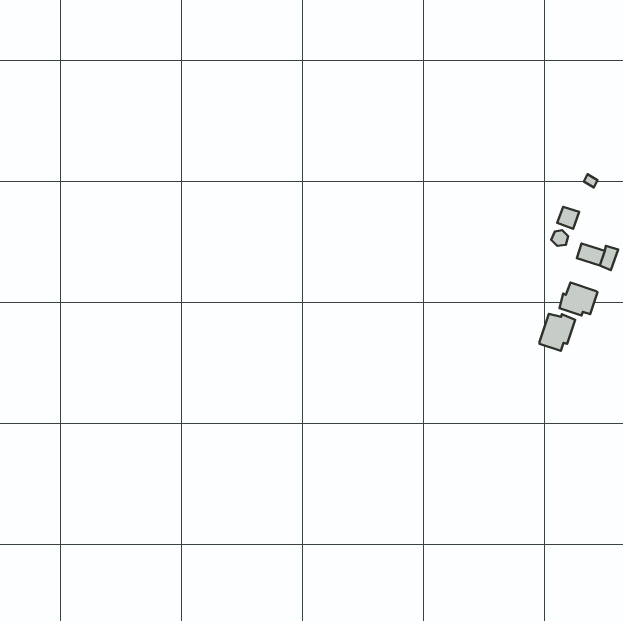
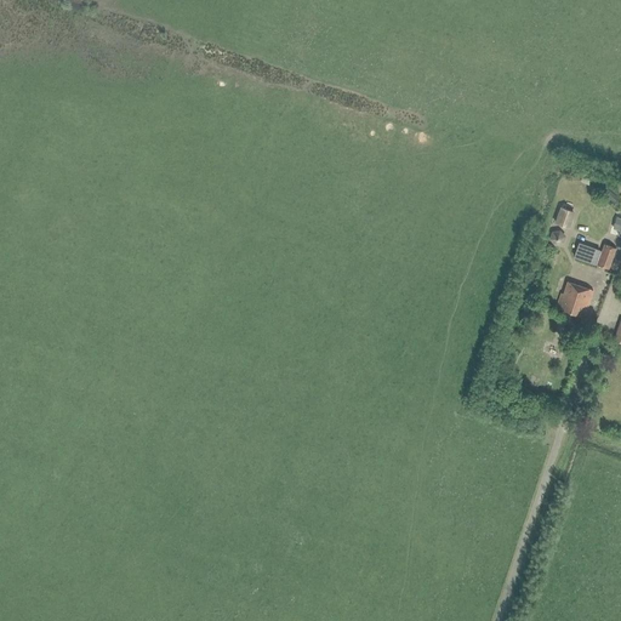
building: [539,314,575,351] -> none

